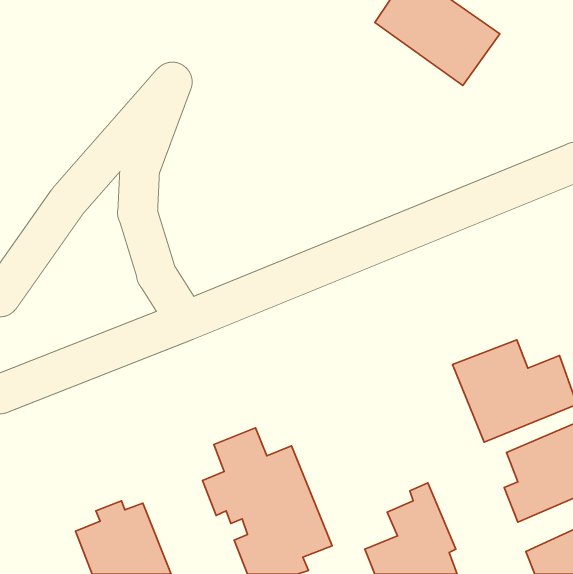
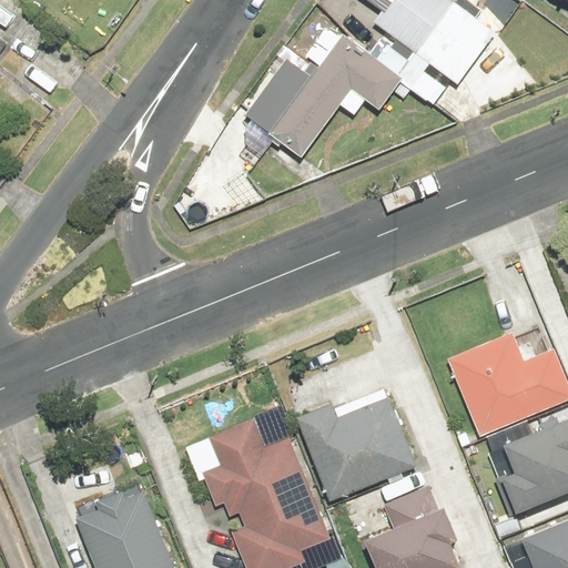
building: none -> [243,33,439,159]
building: none -> [297,390,414,498]

